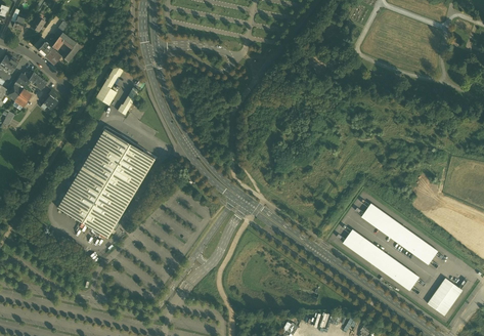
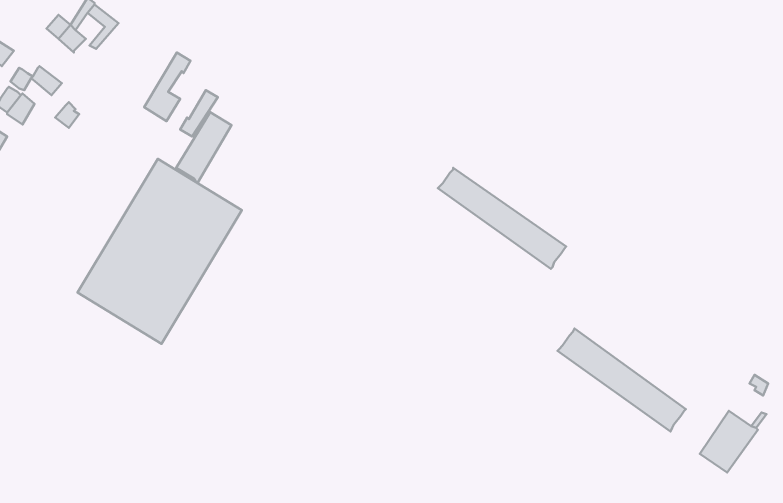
building: none -> [176,112,232,183]
building: [361,205,438,265] -> [438,168,566,269]

